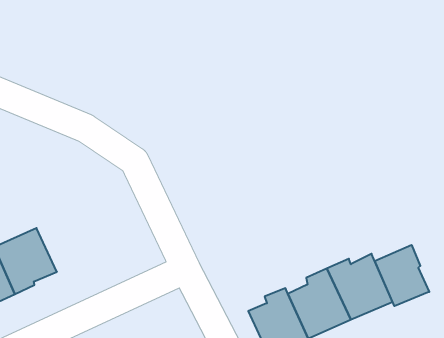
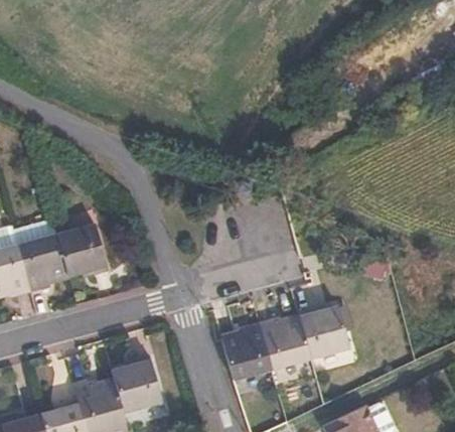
building: none -> [57,227,108,276]
building: [375,245,429,306] -> none

